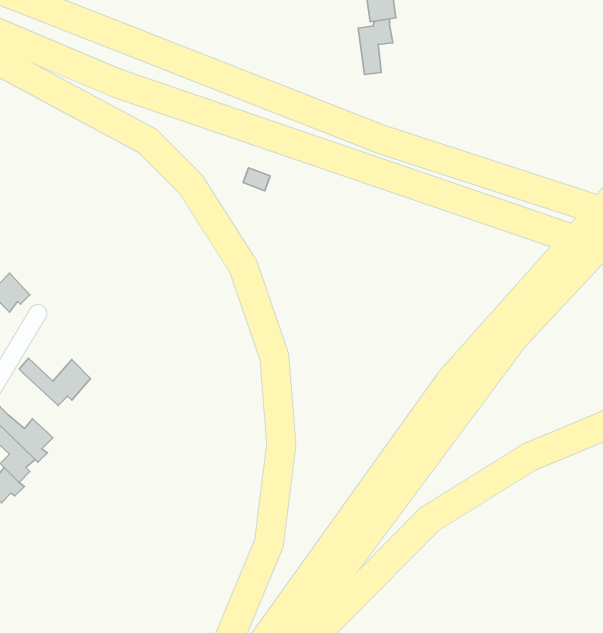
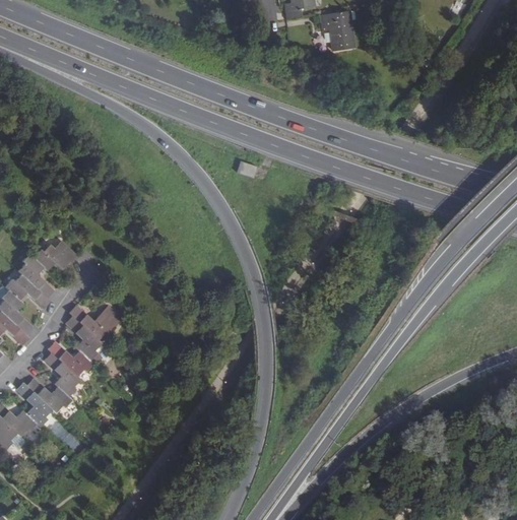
building: [358,19,393,74] -> none
building: none -> [64,315,109,365]

